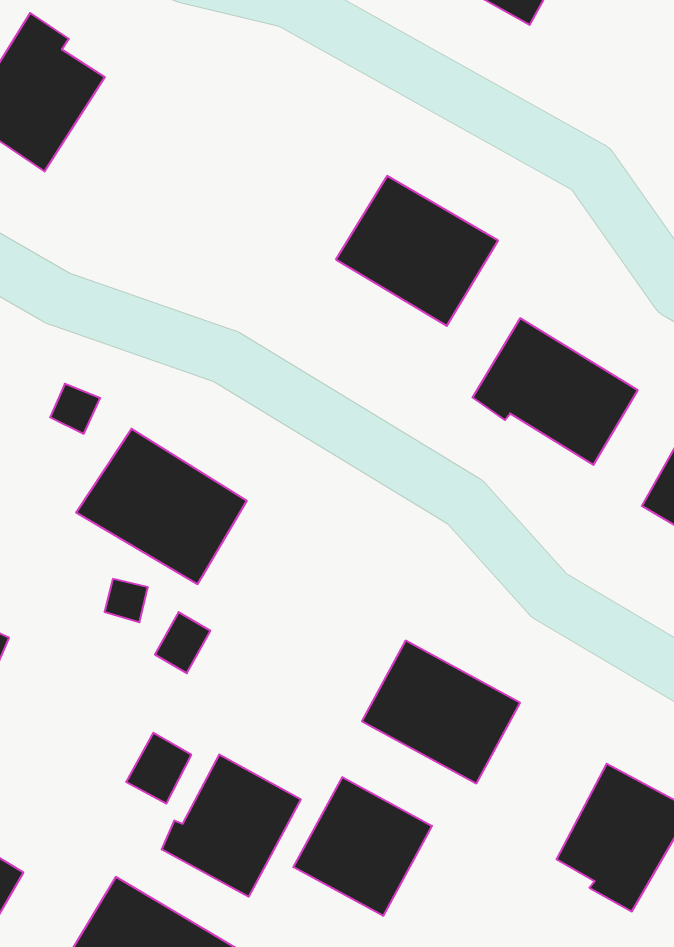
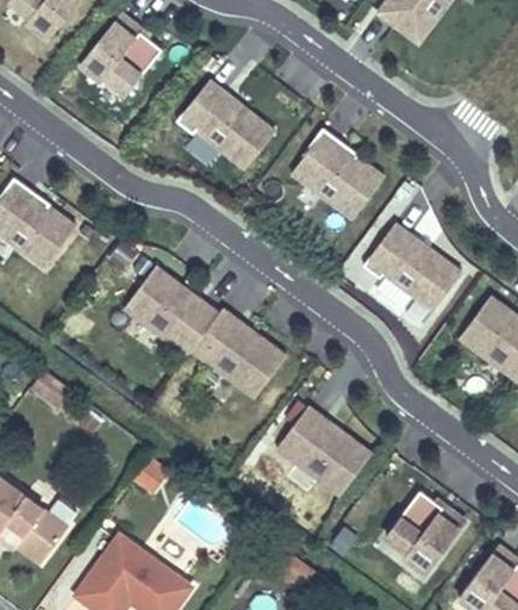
building: none -> [174,77,277,173]
building: none -> [191,306,288,400]
building: [162,754,301,897] -> none
building: [293,777,432,916] -> none

